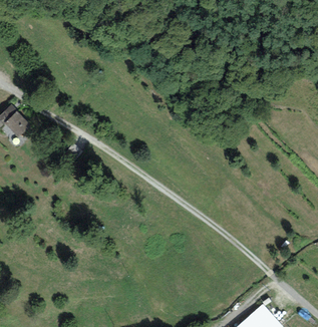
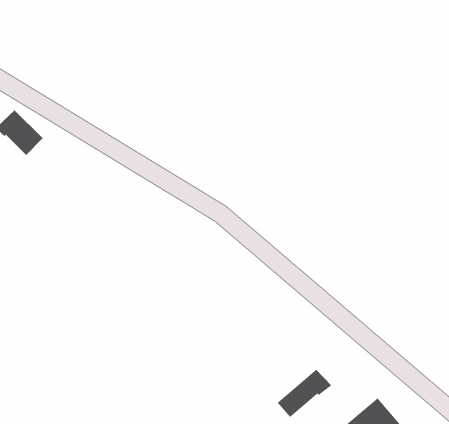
building: none -> [277,369,332,418]

